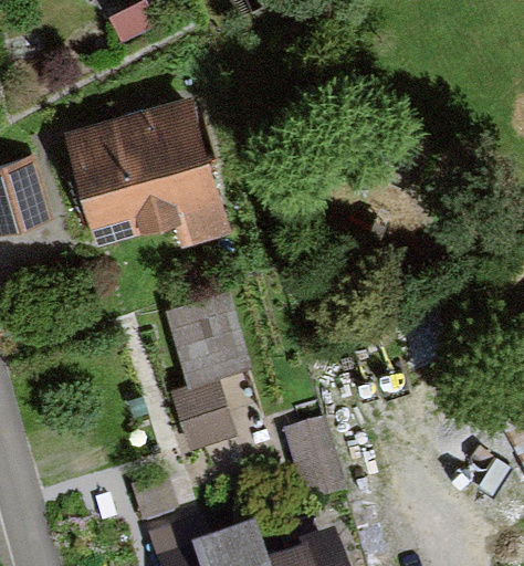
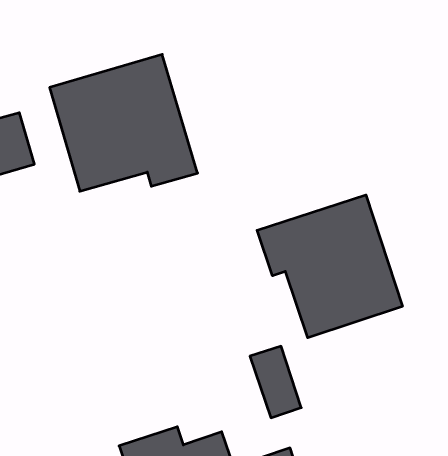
building: none -> [257,195,402,338]
building: [164,295,251,450] -> none

